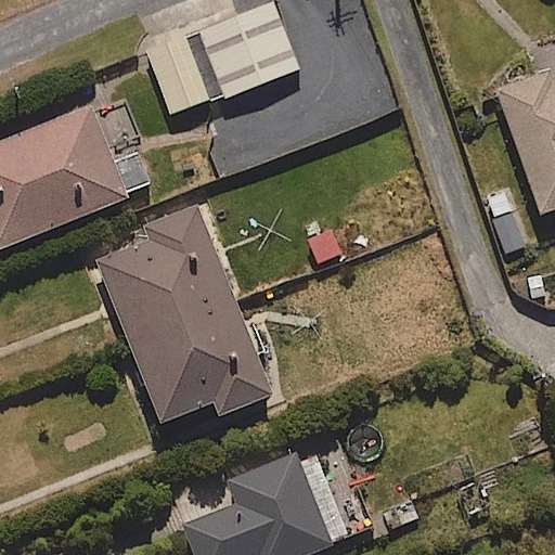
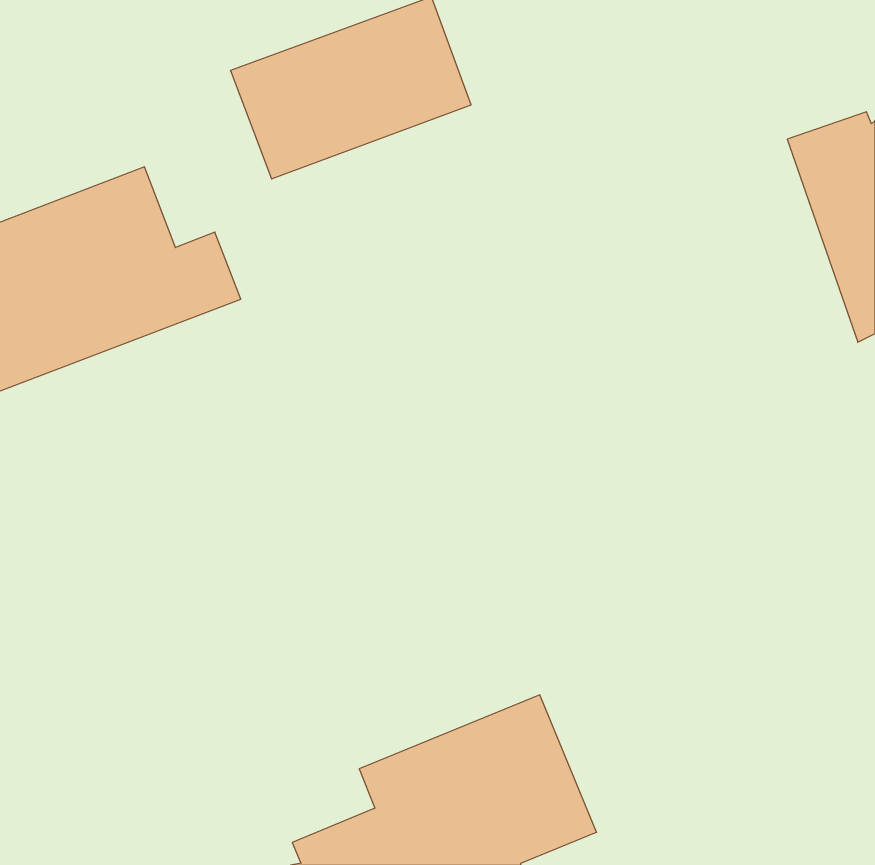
building: [95,204,272,424] -> none

